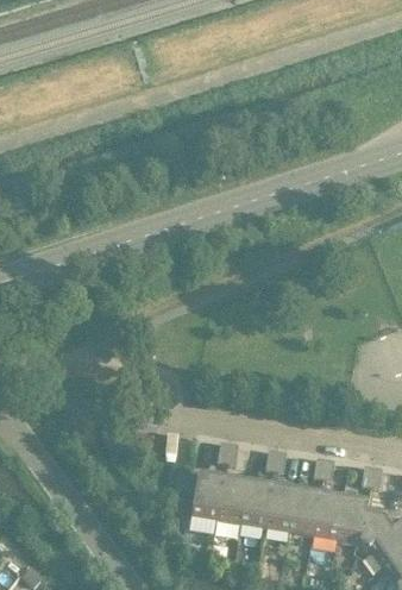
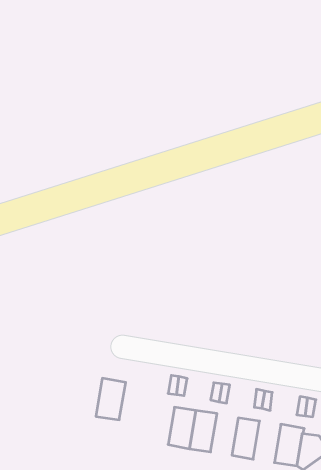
building: [188,471,221,517] -> [96,378,126,420]
building: [262,483,293,529] -> none
building: [309,491,340,538] -> none

